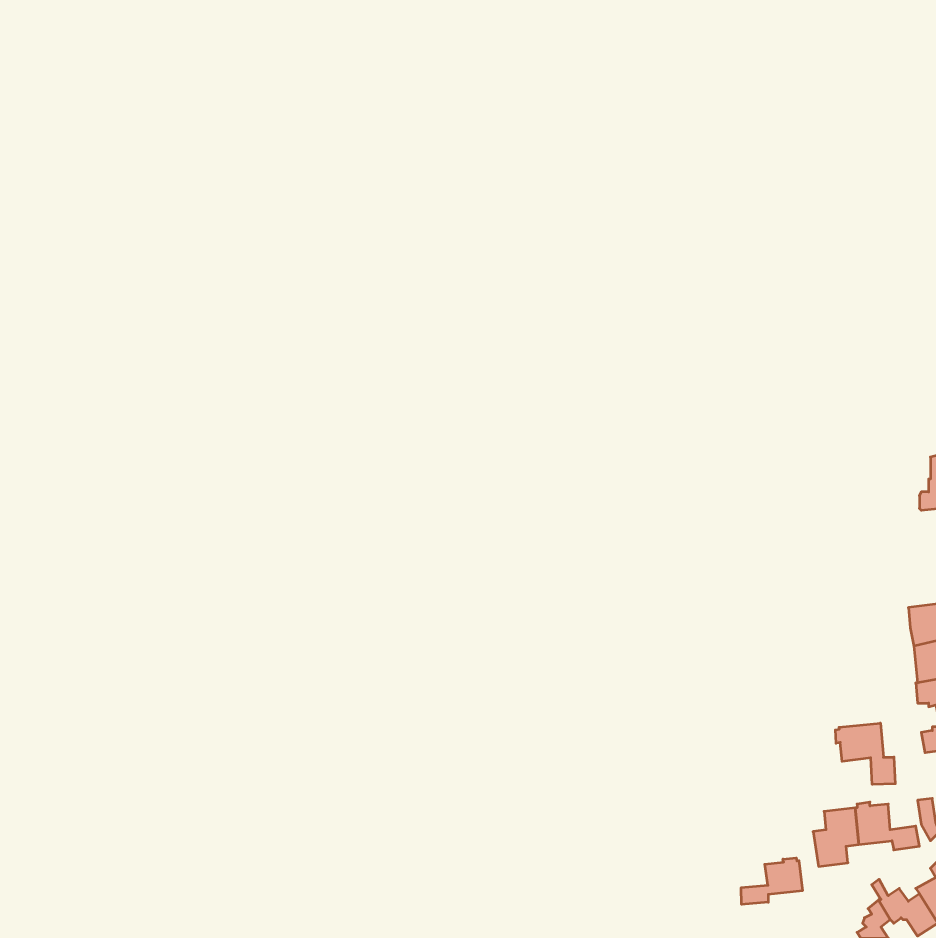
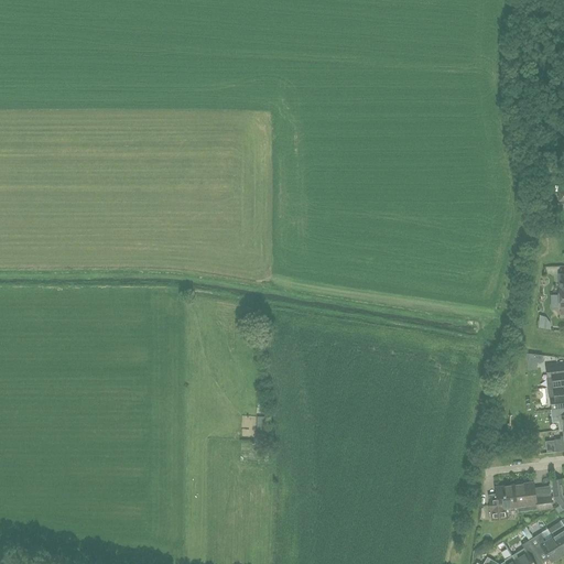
building: [835,723,895,784] -> none
building: [741,858,802,904] -> none

